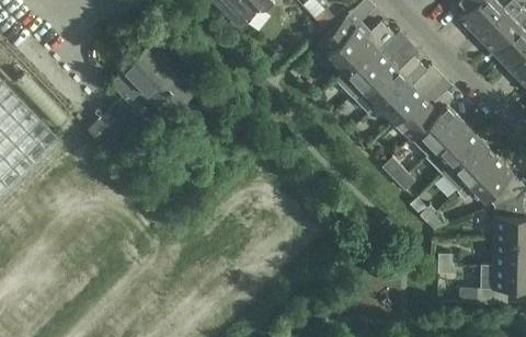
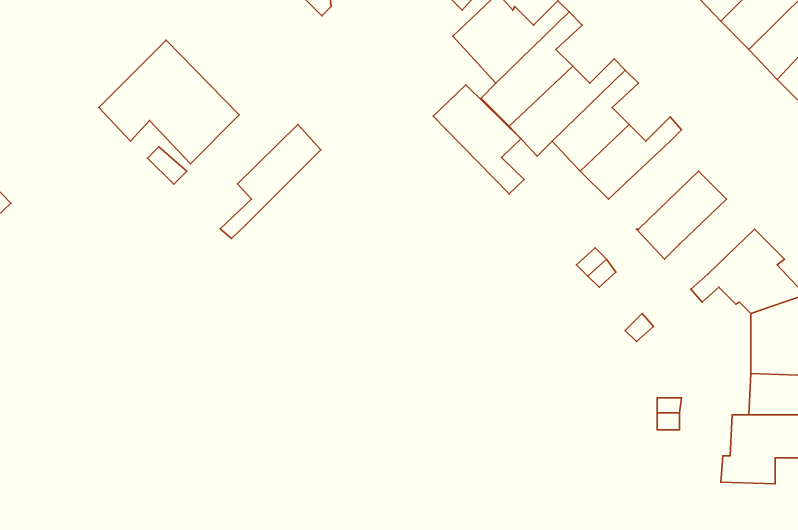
building: none -> [433,85,524,194]
building: none -> [220,125,321,239]
building: [410,104,462,155] -> none
building: [451,138,495,182] -> none

